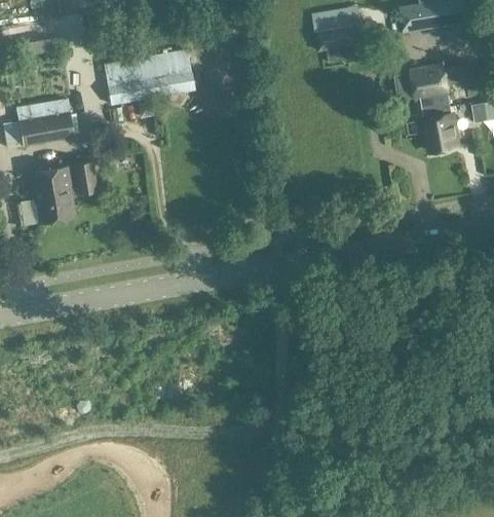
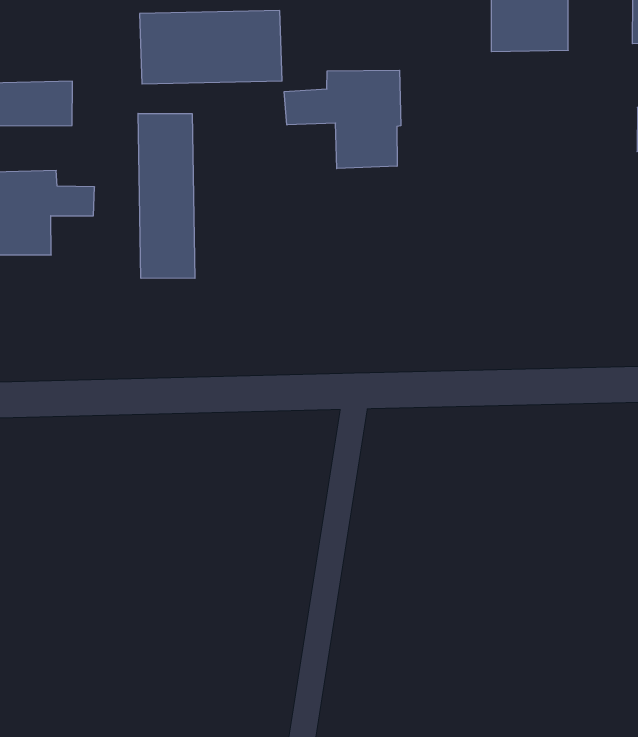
building: none -> [284,70,401,169]
building: none -> [138,113,195,278]

